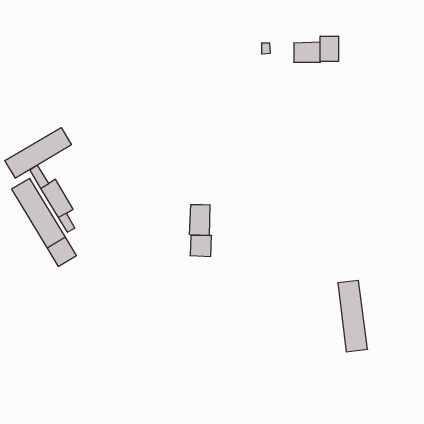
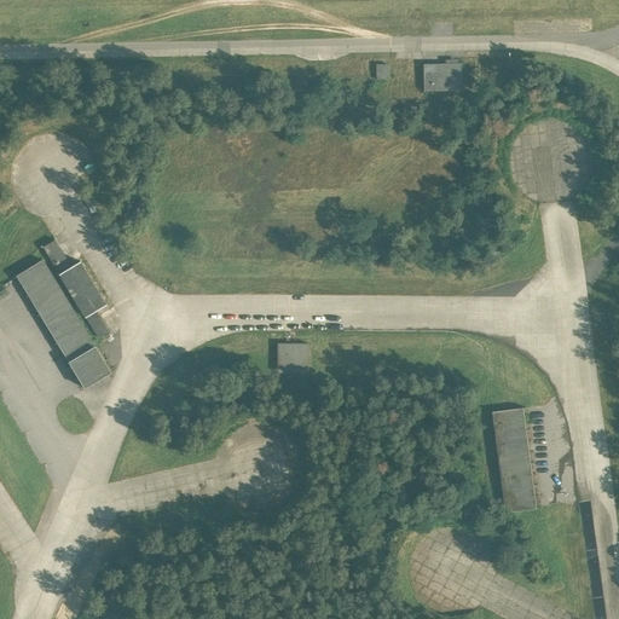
building: [320,36,338,61] -> none
building: [5,128,71,178] -> none
building: [190,204,210,236] -> none

